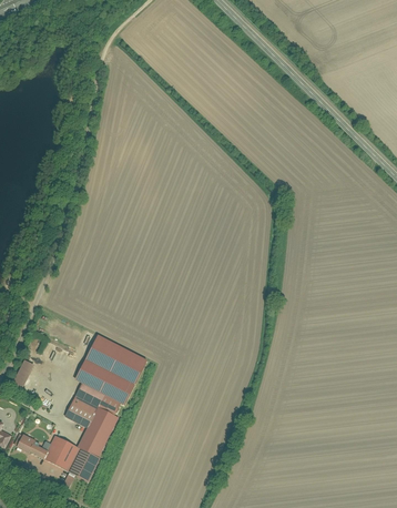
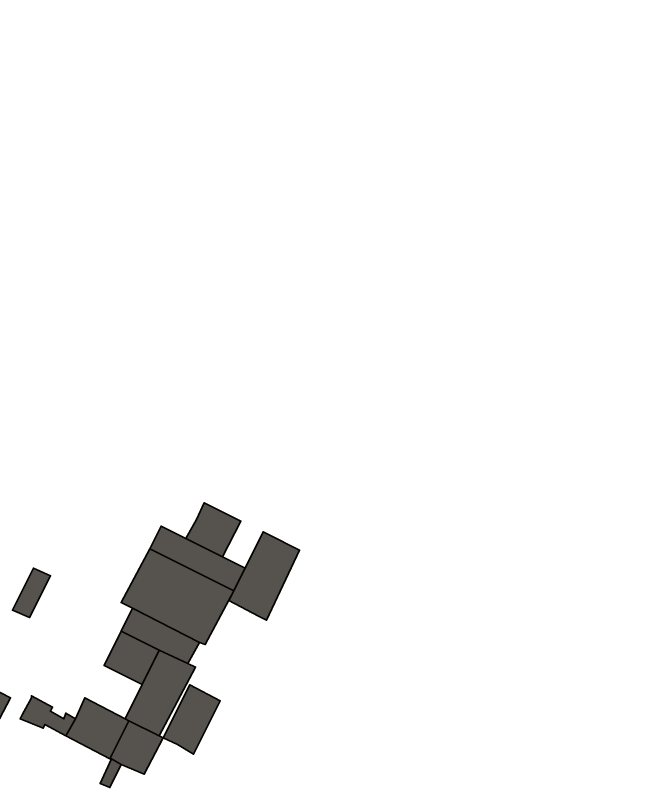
building: none -> [186,503,241,557]
building: none -> [229,532,299,620]
building: none -> [163,685,220,754]

